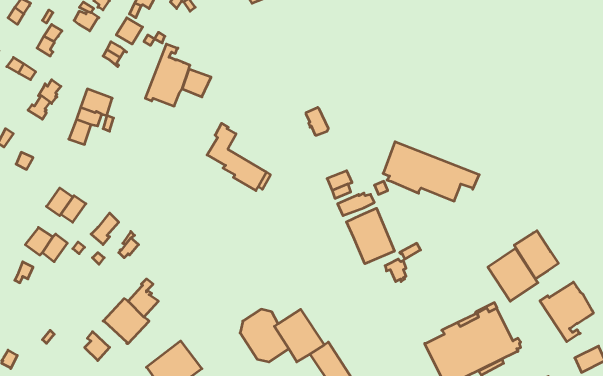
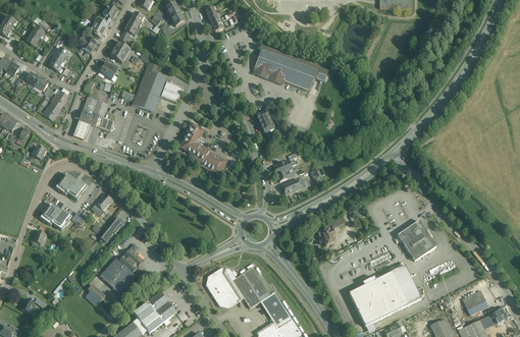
building: [383,142,479,201] -> [254,44,328,90]
building: [346,208,394,264] -> none
building: [514,231,558,279] -> none
building: [540,282,593,342] -> none

